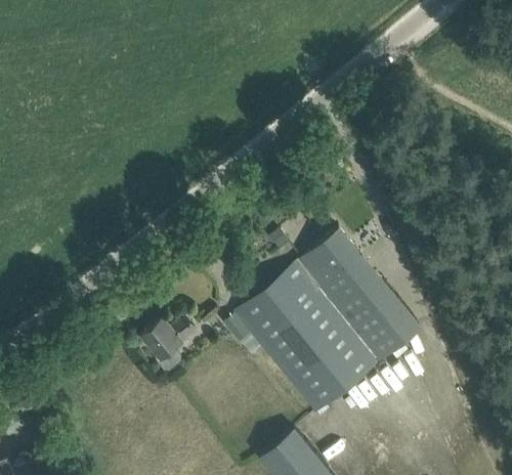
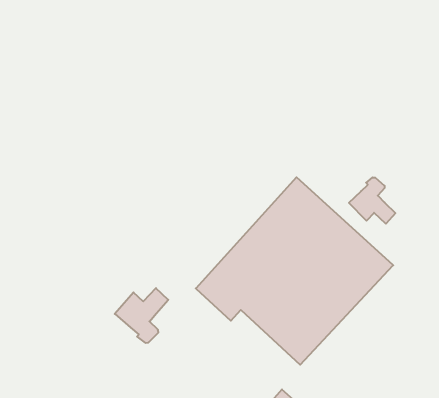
building: none -> [349,177,395,224]

